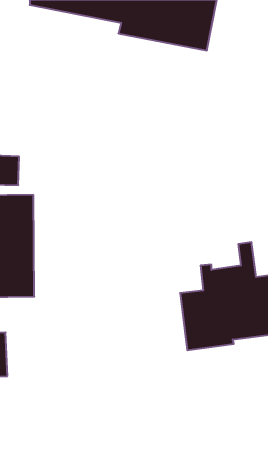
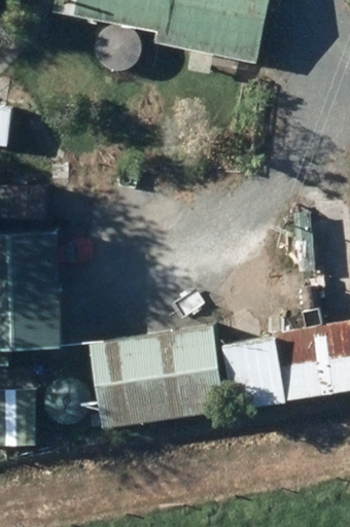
building: none -> [94,325,229,427]

